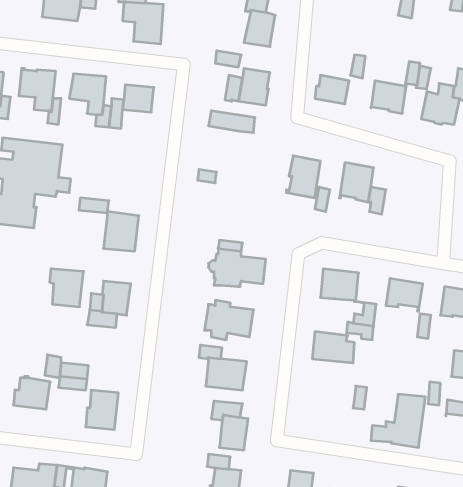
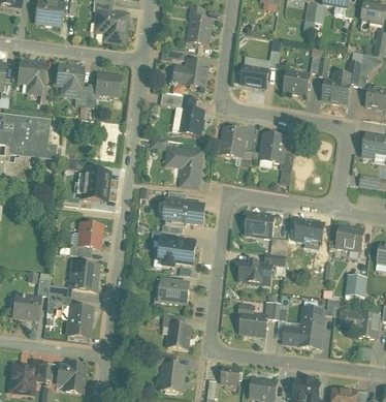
building: none -> [171,109,201,134]
building: none -> [165,148,201,182]
building: [50,269,84,307] -> [71,261,97,290]
building: none -> [238,313,266,337]

